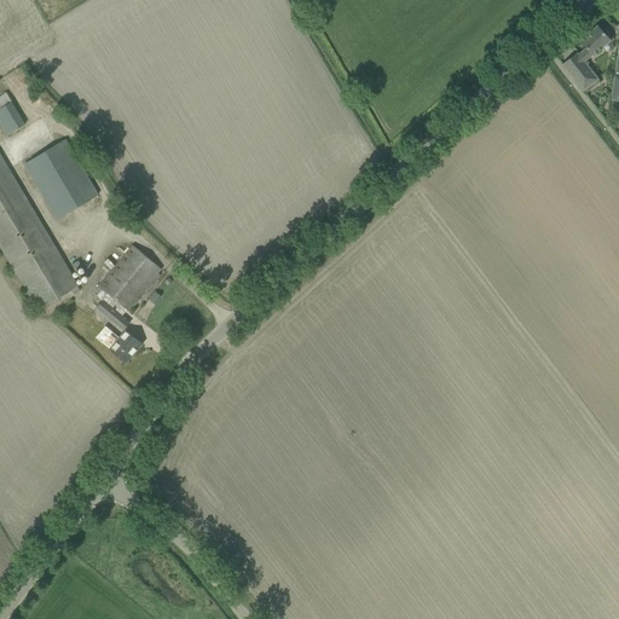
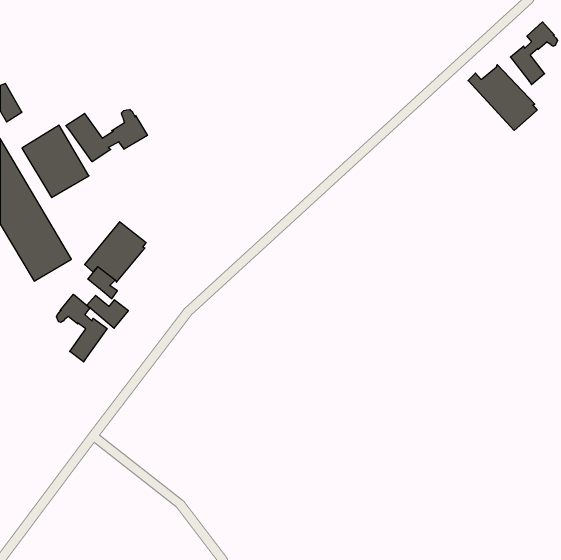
building: none -> [468,65,537,130]
building: none -> [66,109,147,162]
building: none -> [56,294,107,362]

